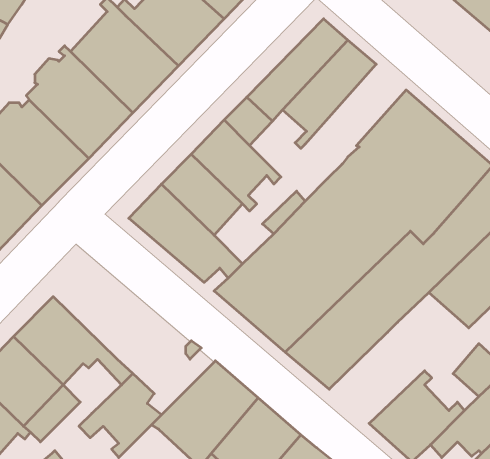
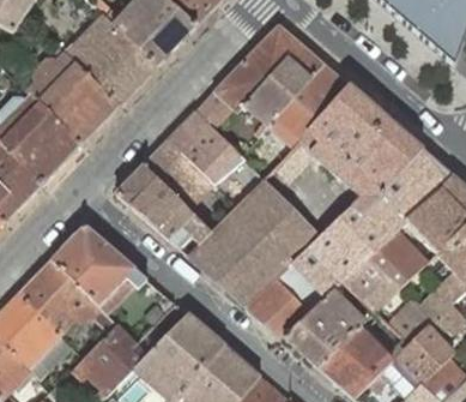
building: none -> [264,64,349,148]
building: none -> [52,224,147,312]
building: none -> [341,256,401,312]
building: none -> [284,289,365,366]

